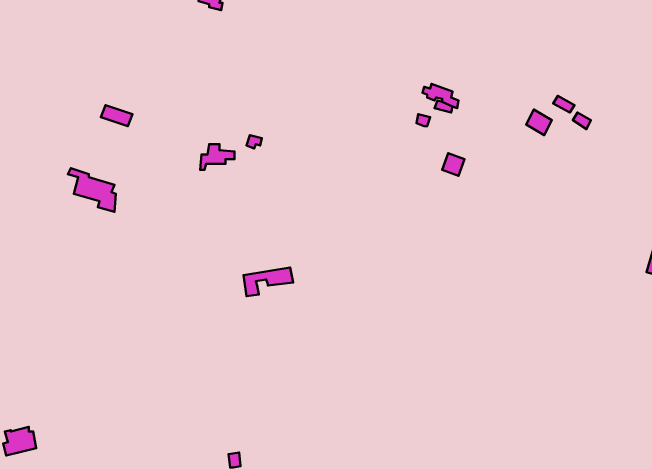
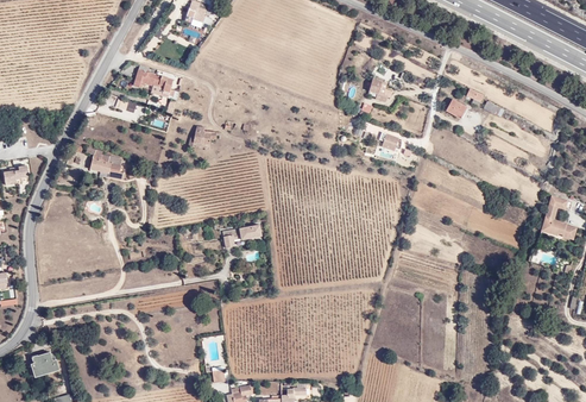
building: none -> [136,65,177,96]

